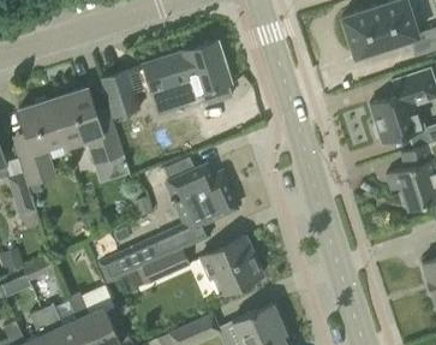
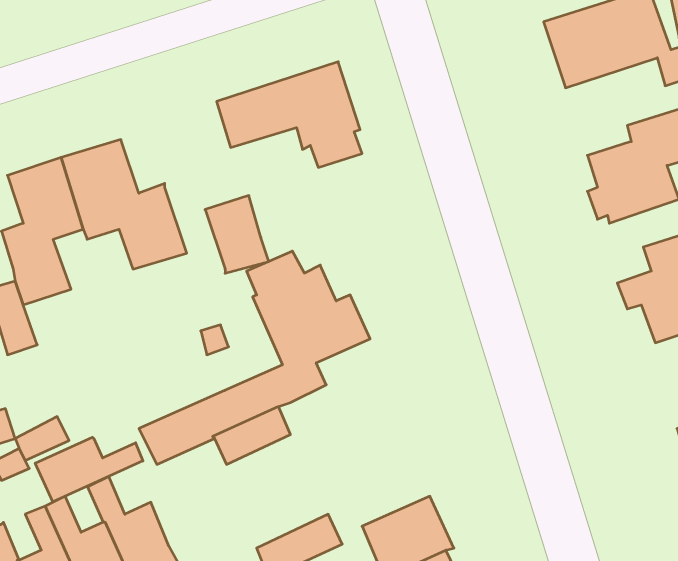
building: [101,71,139,118] -> [205,196,269,273]
building: [201,238,262,295] -> none
building: none -> [35,437,143,502]

